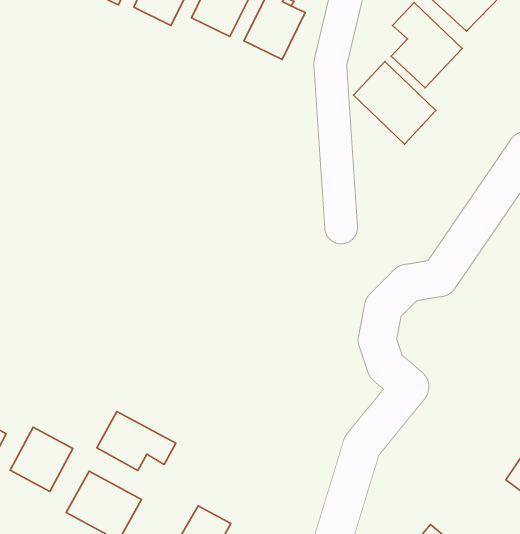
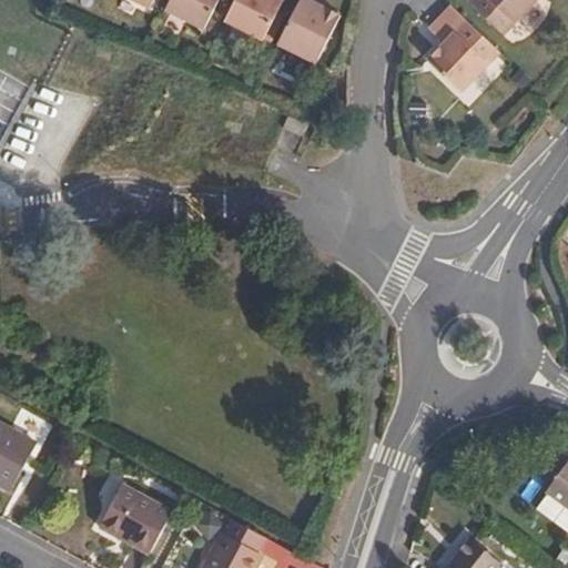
building: [353,62,436,144] -> none
building: [97,411,176,470] -> none
building: [10,427,73,492] -> none

